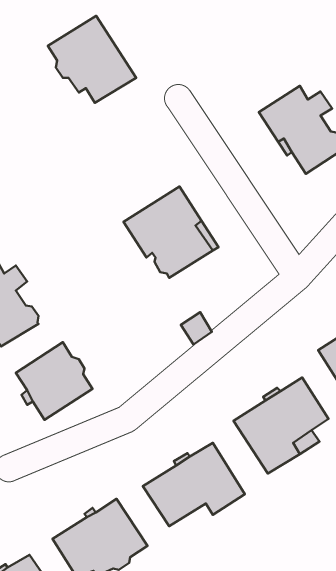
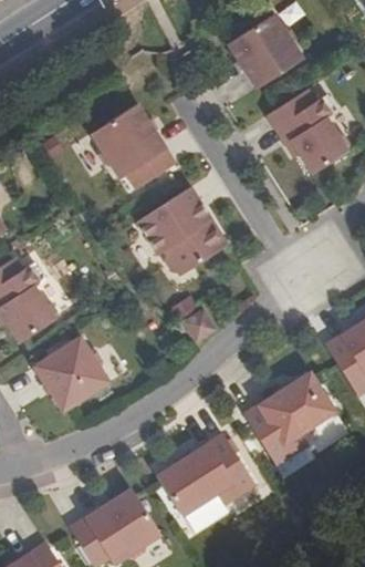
building: none -> [229,13,304,87]
building: [48,16,136,103] -> [92,104,177,188]

